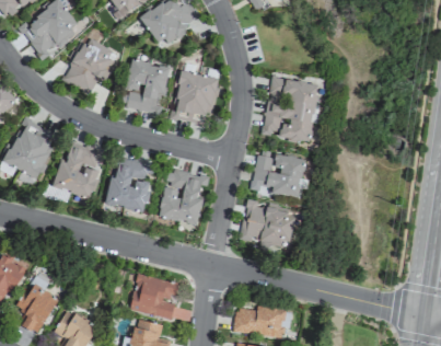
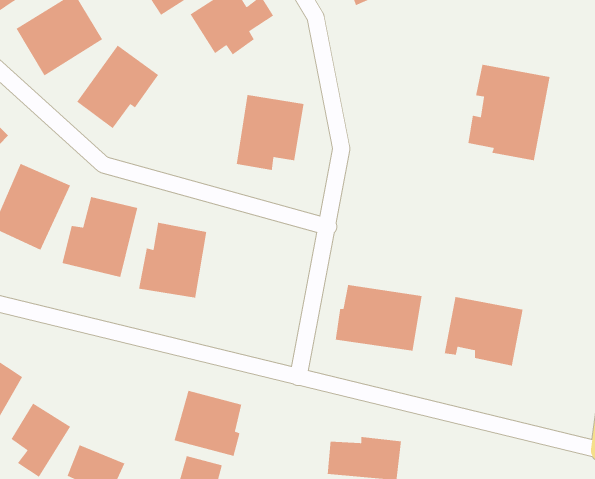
building: [121,60,170,114] -> none
building: [263,76,320,142] -> [467,64,550,161]
building: [251,150,305,198] -> [444,296,524,367]
building: [159,169,208,224] -> none

